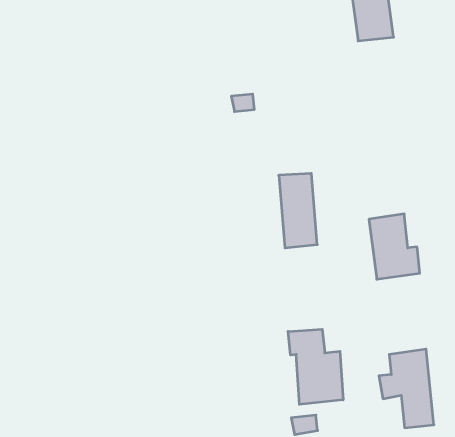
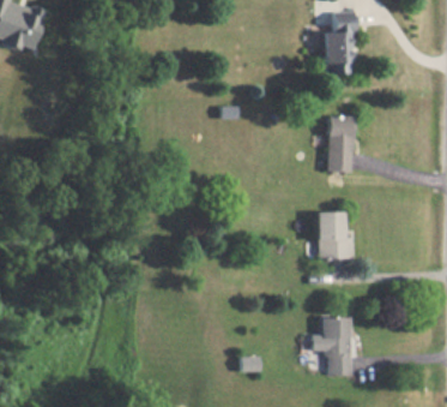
building: [279,173,317,248] -> [328,115,355,172]
building: [288,329,343,404] -> none

